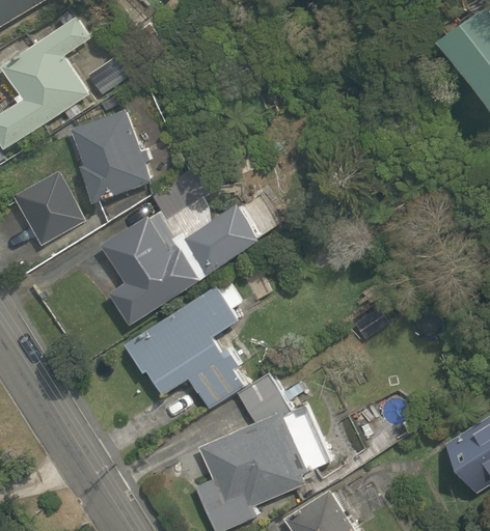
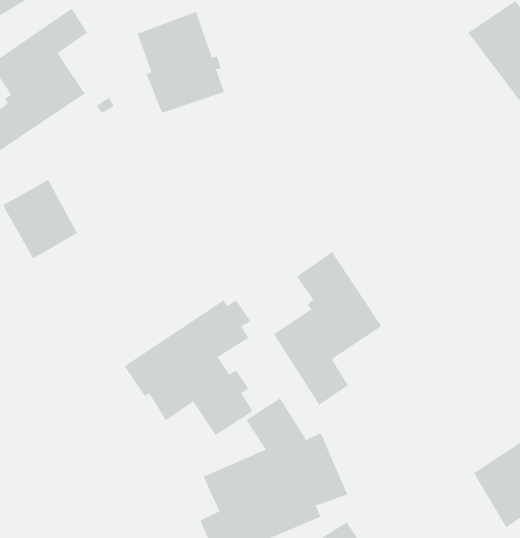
building: [70,109,151,203] -> [137,11,225,114]
building: [99,167,264,326] -> none
building: none -> [273,251,382,406]

